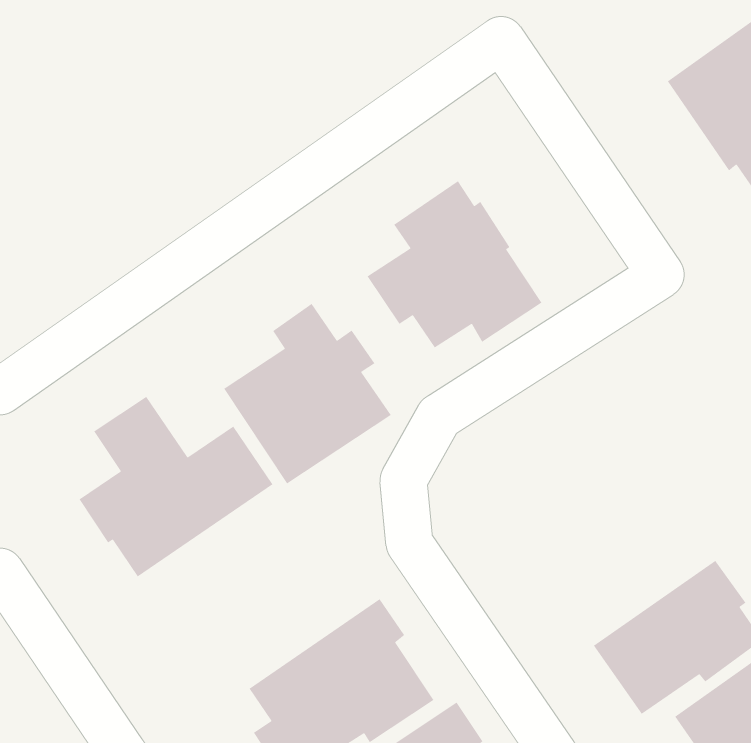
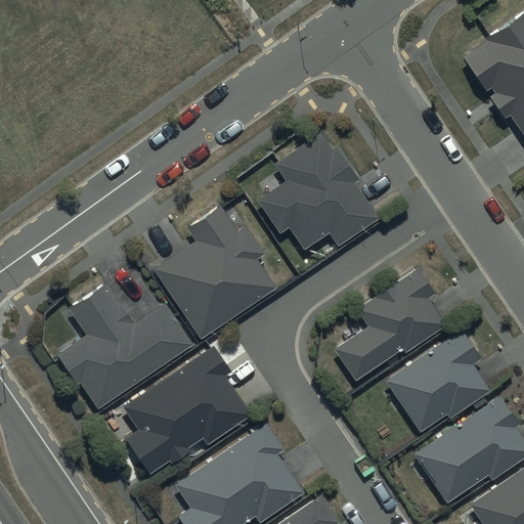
building: none -> [334,268,447,382]
building: none -> [386,330,490,432]
building: none -> [123,345,251,474]

